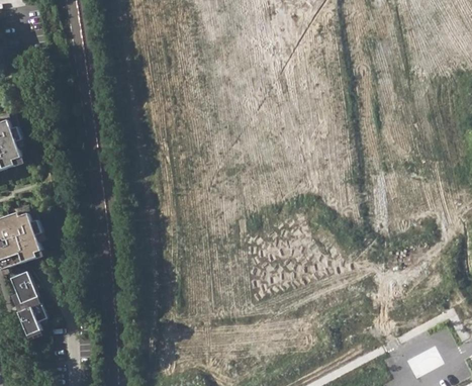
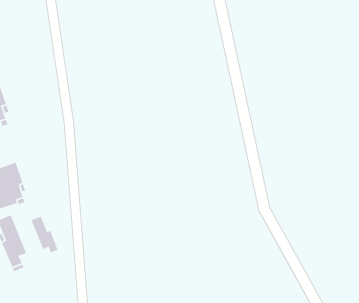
building: none -> [30,215,58,254]

